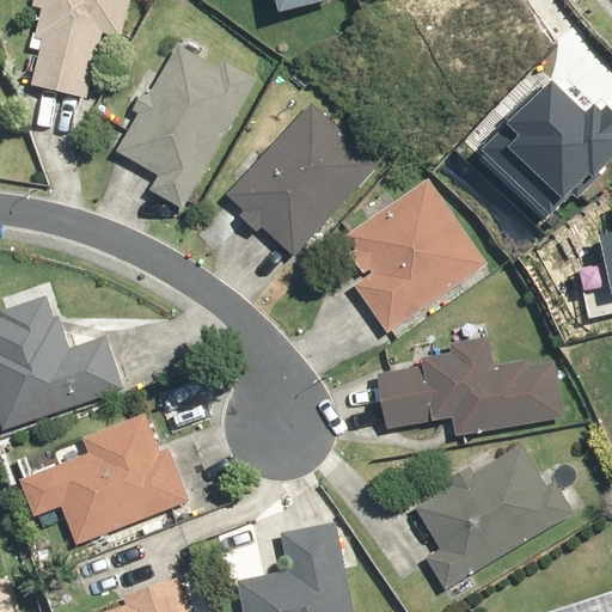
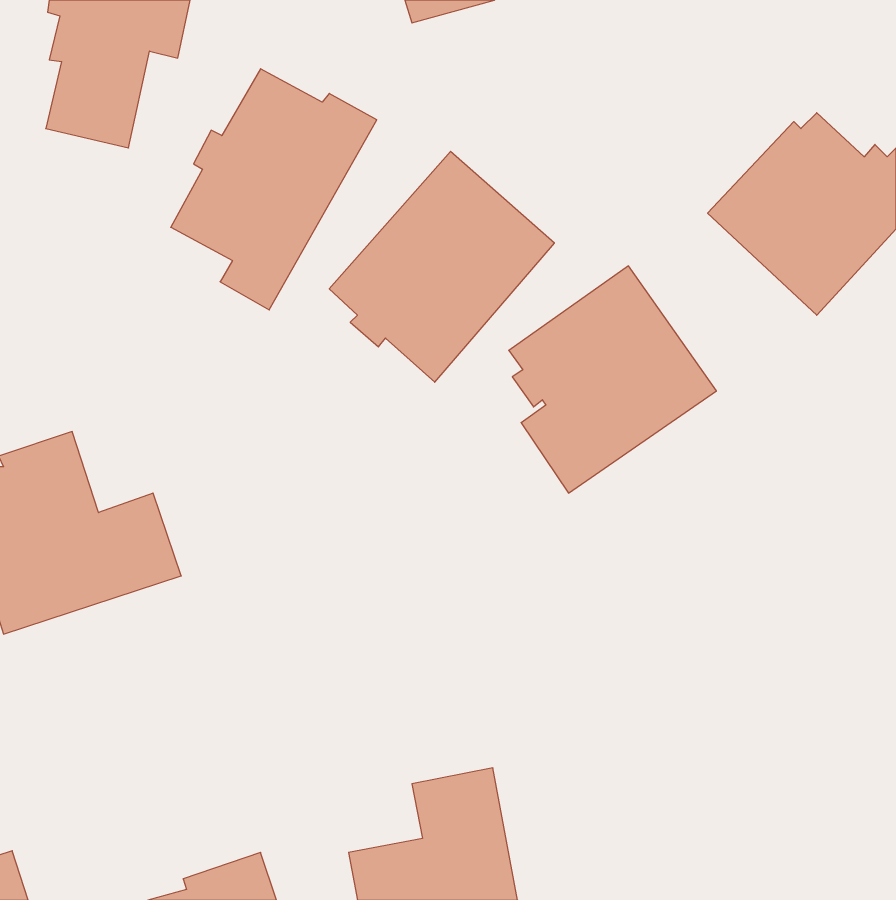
building: [374,338,563,434] -> none
building: [19,414,189,545] -> none
building: [414,445,574,588] -> none

